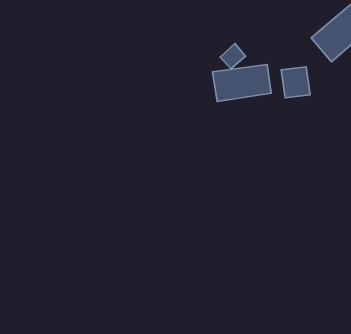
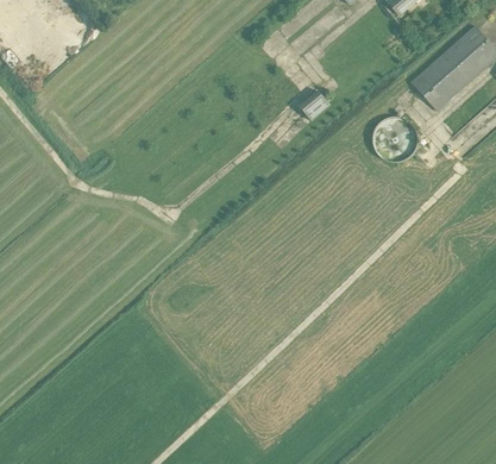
building: [213,64,271,101] -> none

